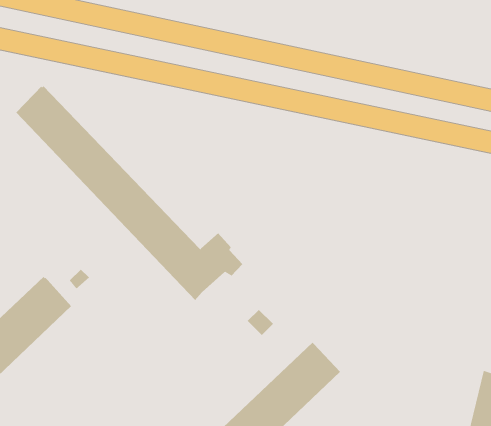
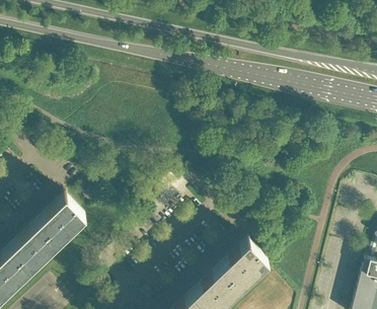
building: [15,85,243,301] -> none

